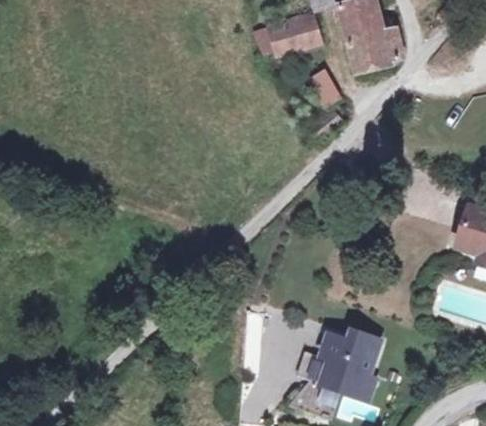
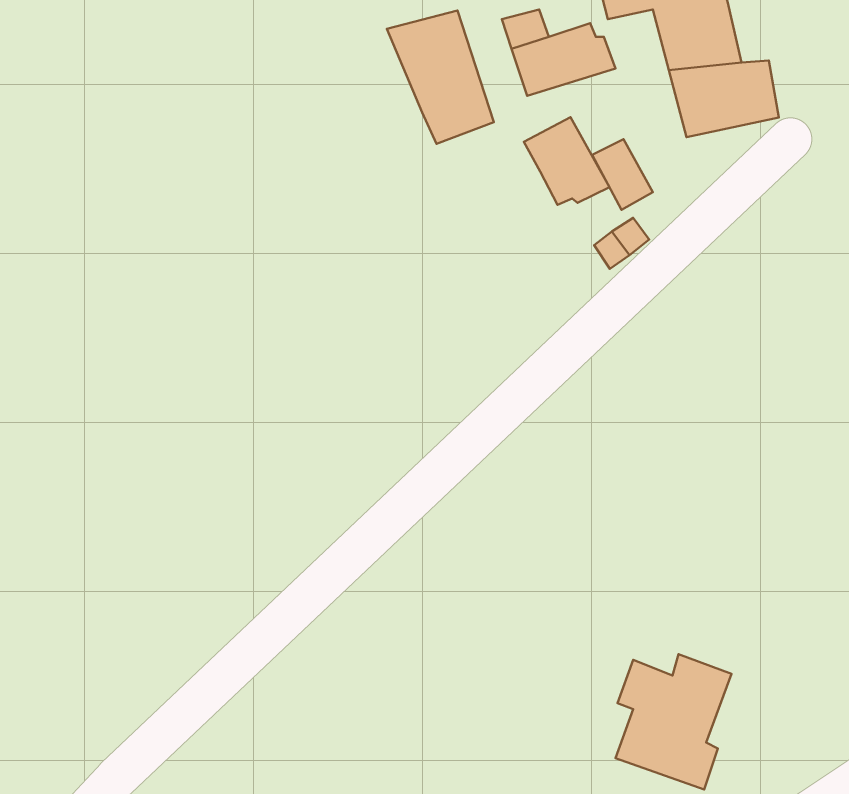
building: none -> [387,10,494,144]
building: none -> [524,117,609,205]

